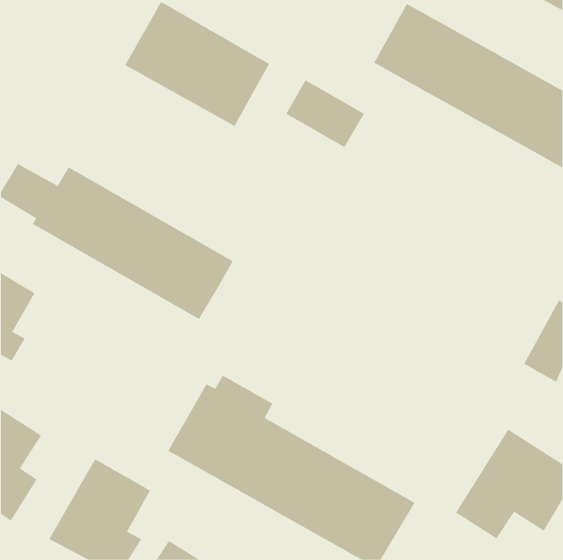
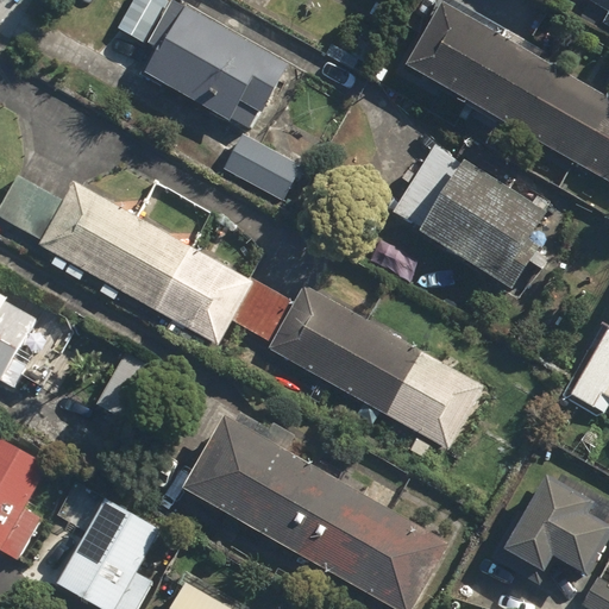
building: [285,79,365,148] -> [221,131,307,205]
building: none -> [393,143,545,288]
building: none -> [233,282,484,453]

